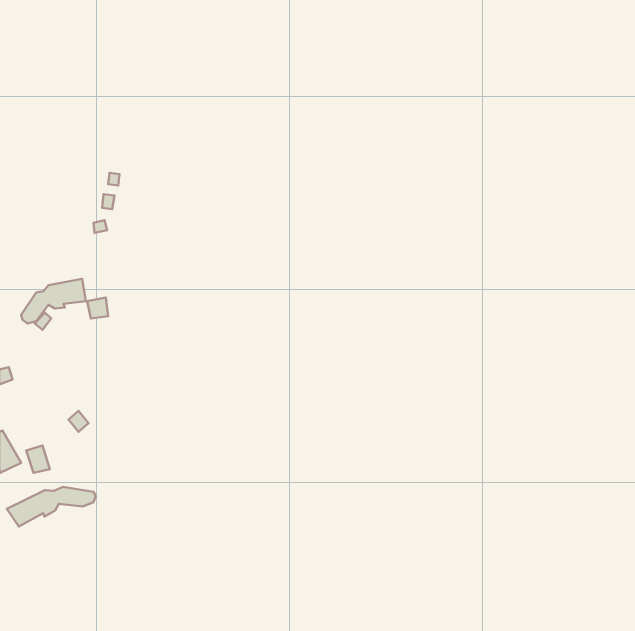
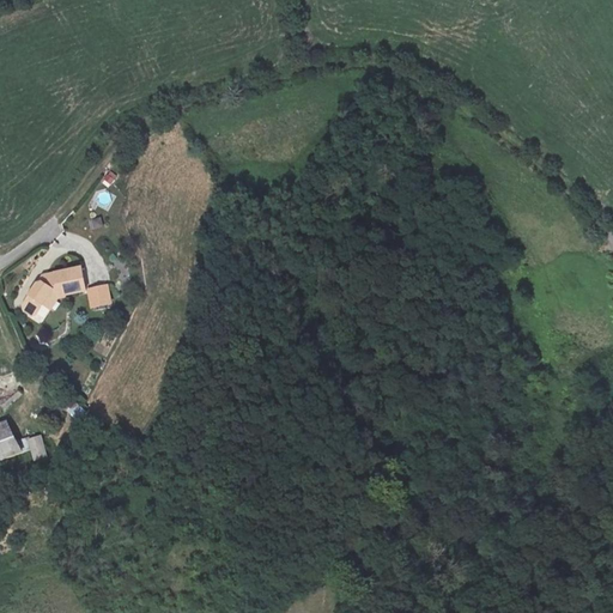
building: [7,487,96,527] -> none

